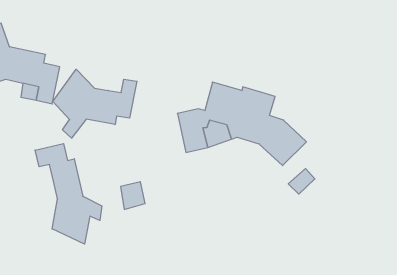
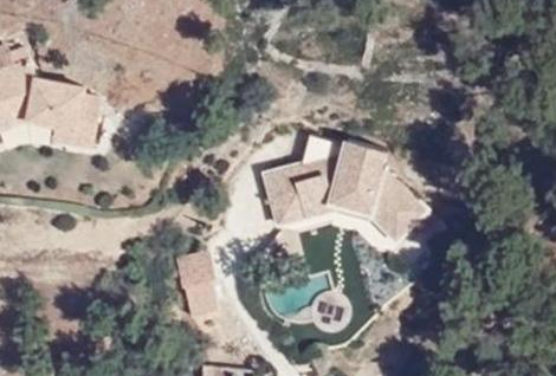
building: [53,69,137,138] -> none
building: [35,144,102,244] -> none

